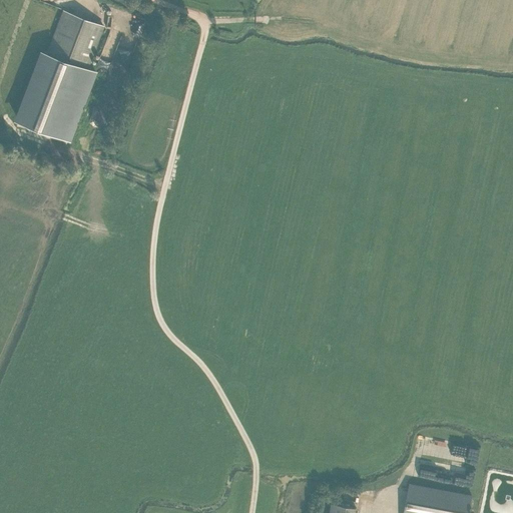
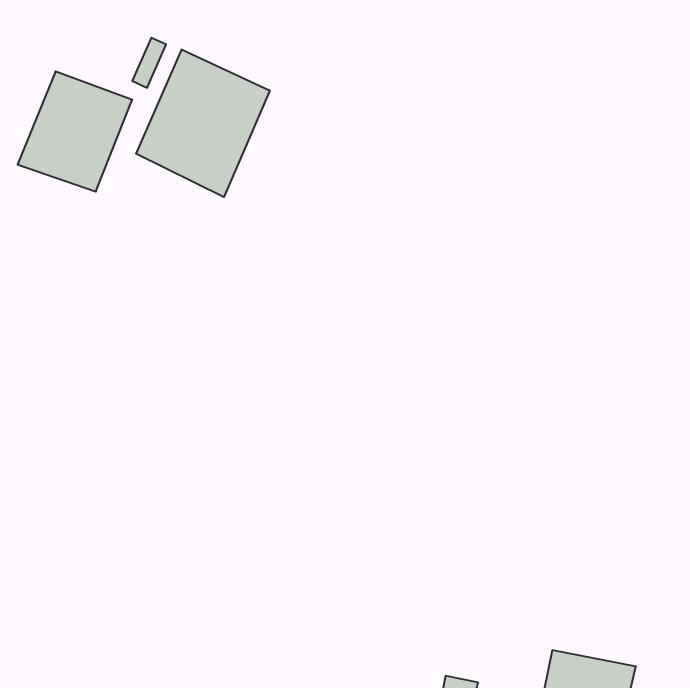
building: [47,12,103,69] -> none
building: none -> [136,49,270,197]

